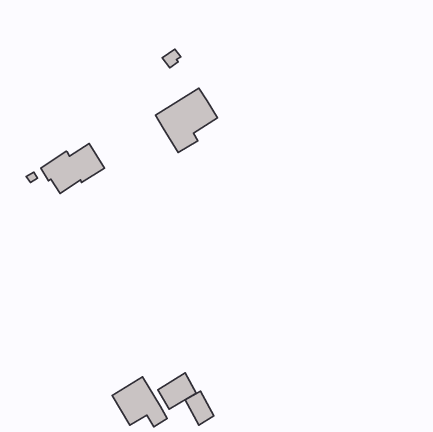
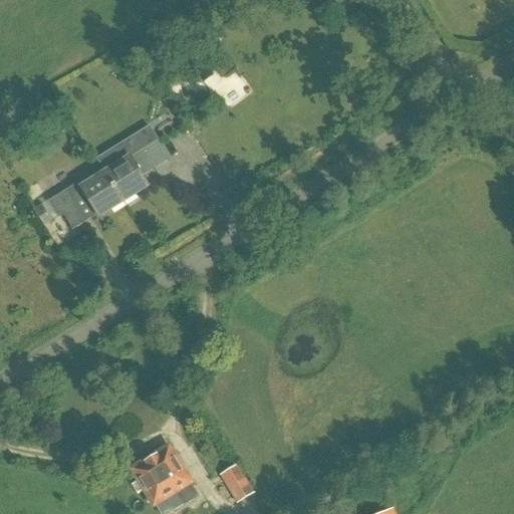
building: [155,88,217,153] -> [96,122,170,199]
building: [158,373,196,409] -> none

